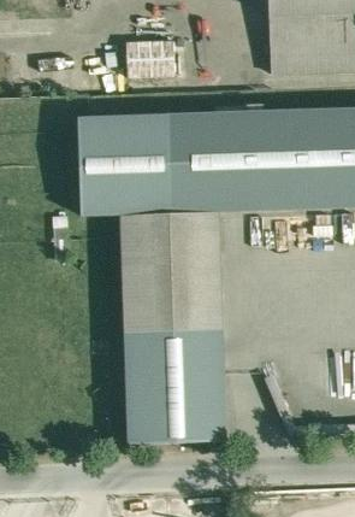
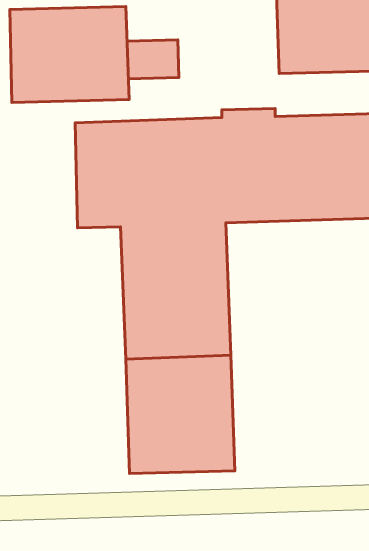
building: none -> [10,6,129,103]

